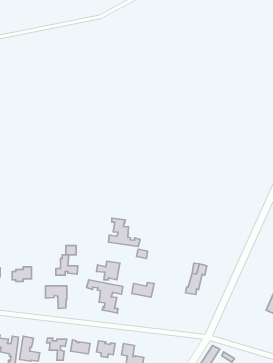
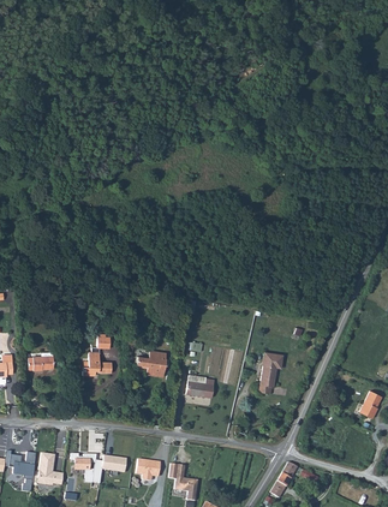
building: [108,218,140,246] -> none
building: [86,280,123,313] -> none
building: [45,286,67,308] -> none

